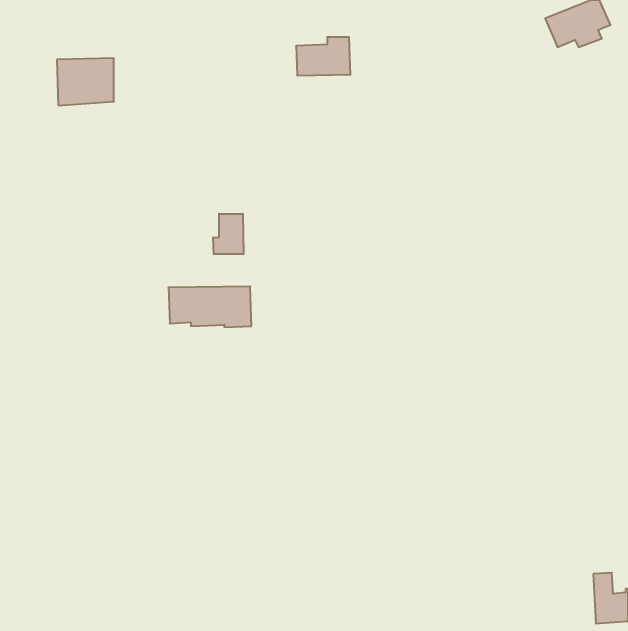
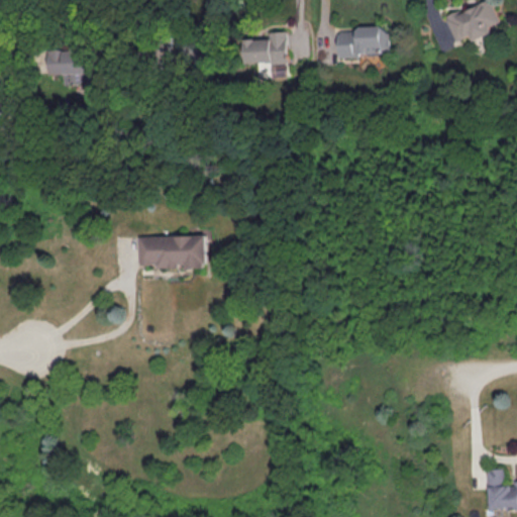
building: none -> [335,26,388,56]
building: [213,214,244,254] -> none

